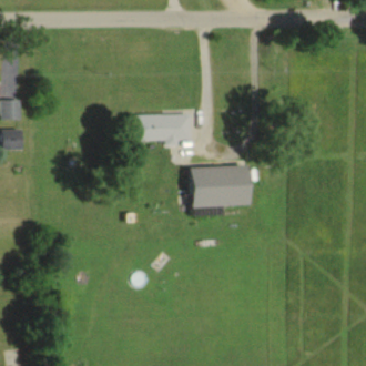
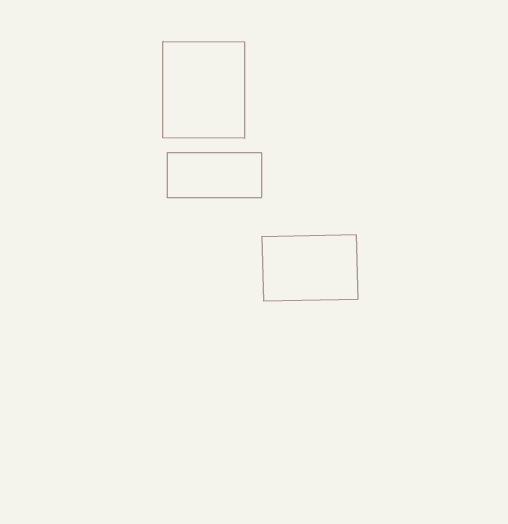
building: none -> [163,41,245,138]

